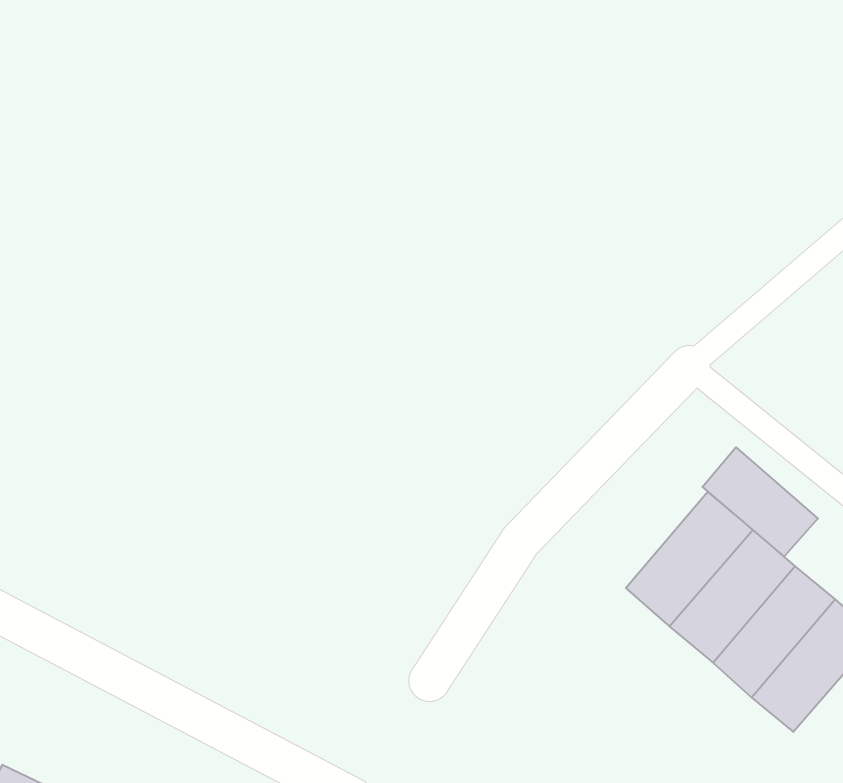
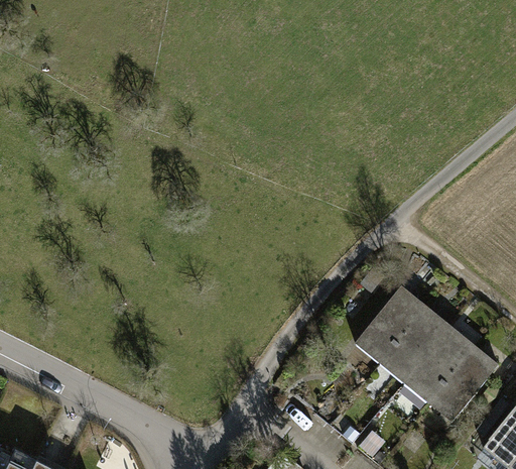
building: [702,447,818,556] -> none

